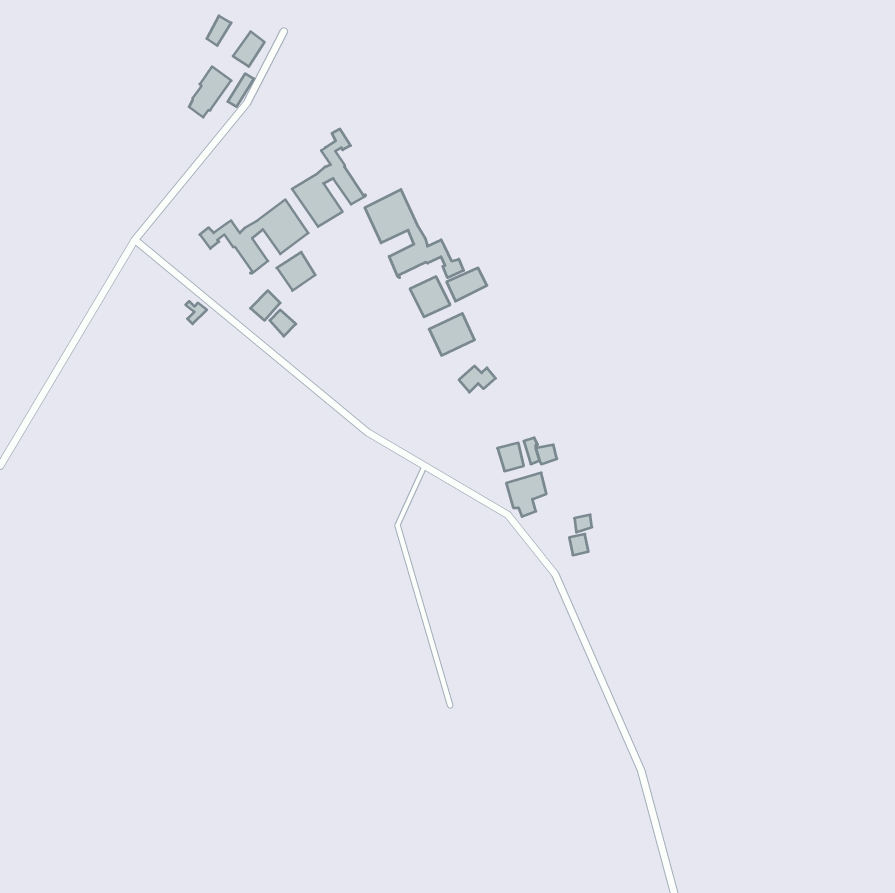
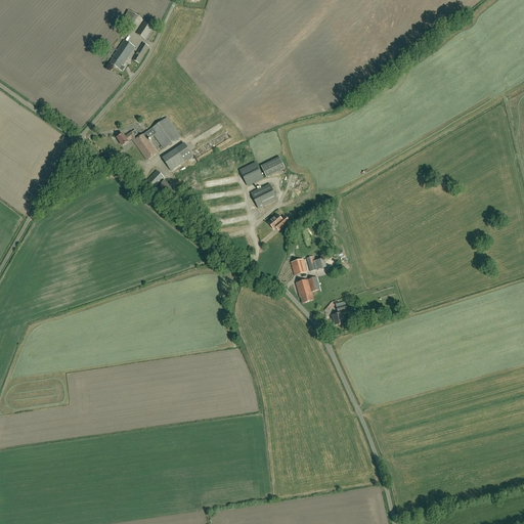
building: [292,129,365,227] -> none
building: [365,189,464,278] -> none

